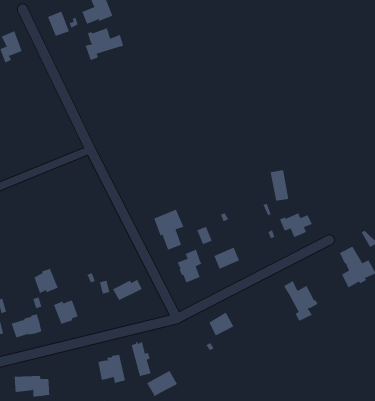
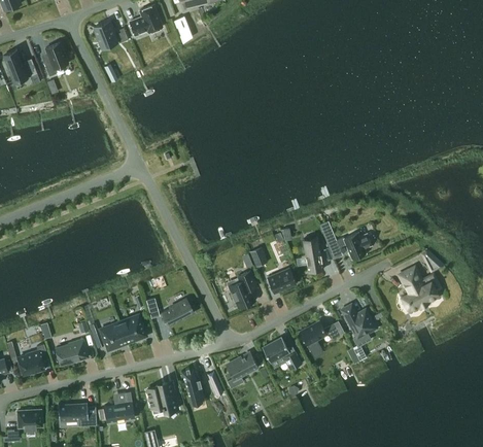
building: [85,28,124,61] -> none
building: [270,168,289,201] -> [302,237,322,272]
building: [153,209,184,251] -> none
building: [33,268,58,294] -> [118,315,145,342]
building: none -> [298,320,338,358]
building: none -> [103,392,133,423]
building: [146,370,178,397] -> [225,352,257,380]

